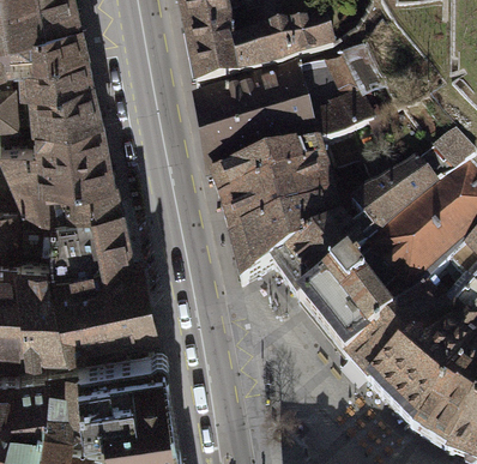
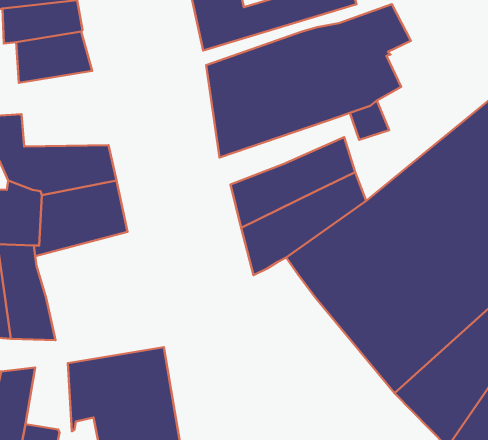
building: [34,102,113,169] -> none
building: [211,143,321,203] -> none
building: [48,245,147,341] -> none
building: [40,361,80,422] -> none

